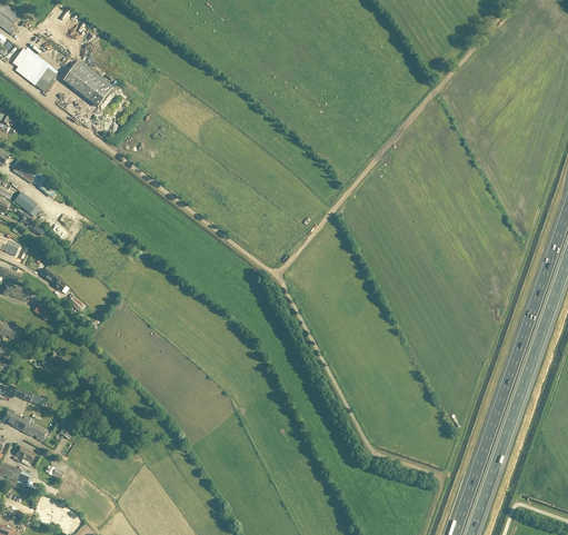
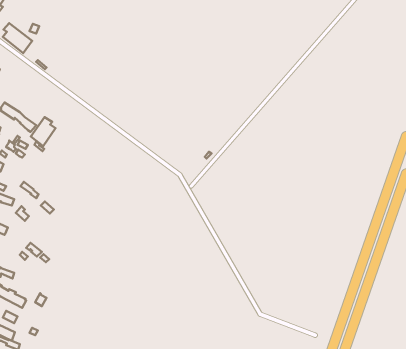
building: [59,60,108,105] -> none
building: none -> [31,117,56,146]

